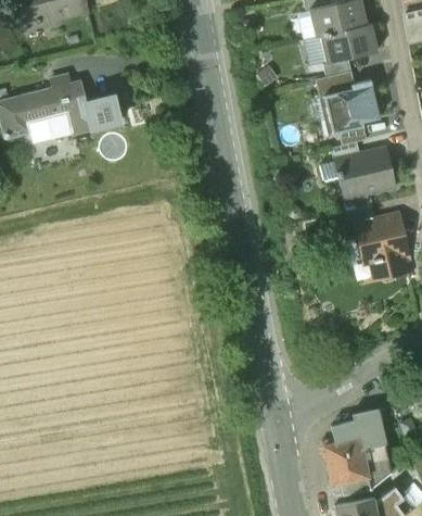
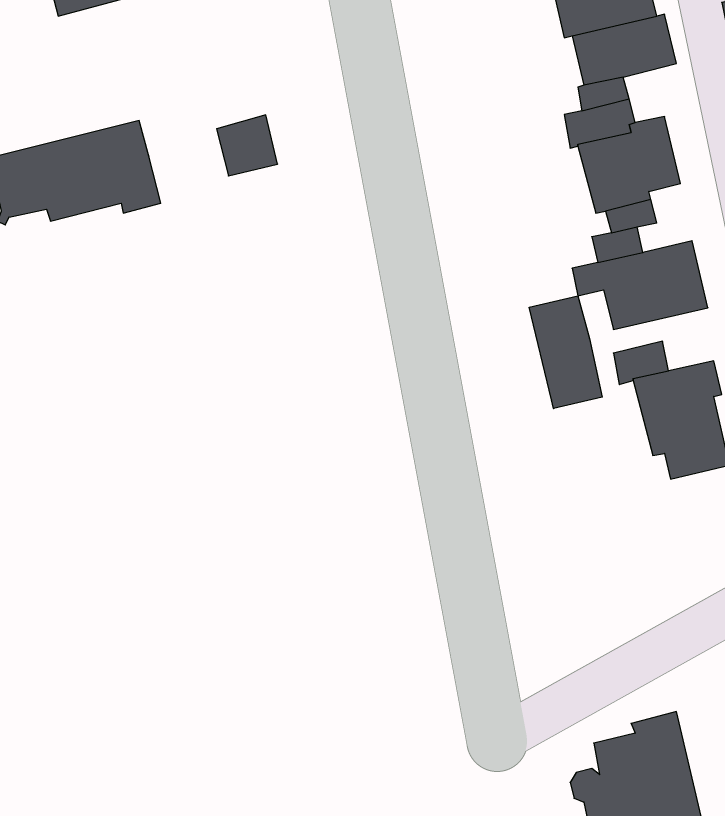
building: [88,93,122,127] -> [217,115,278,176]
building: none -> [529,296,602,409]

